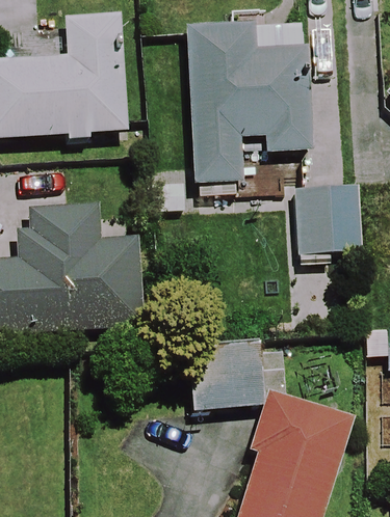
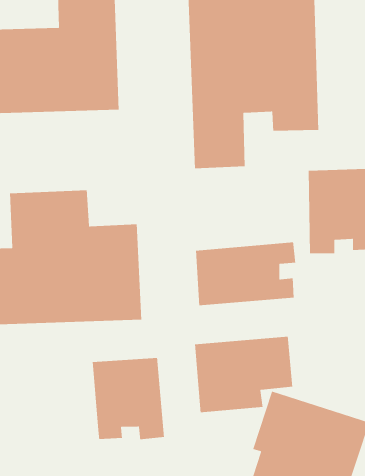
building: none -> [195,242,296,306]
building: none -> [92,357,165,440]

